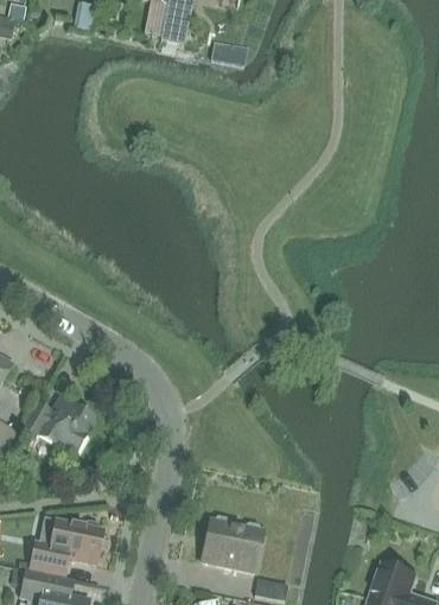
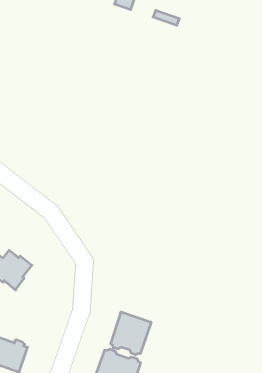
building: none -> [111,312,151,355]

